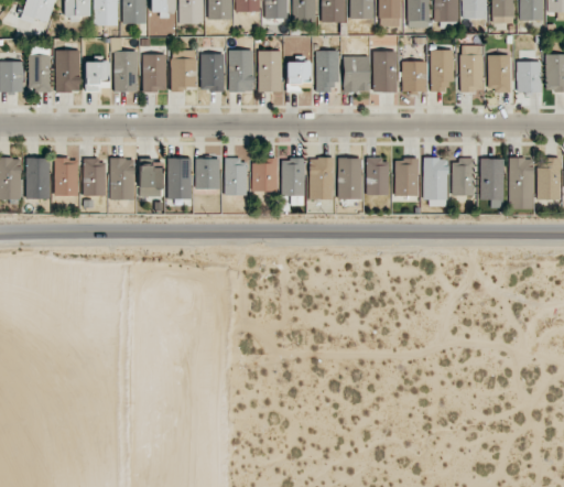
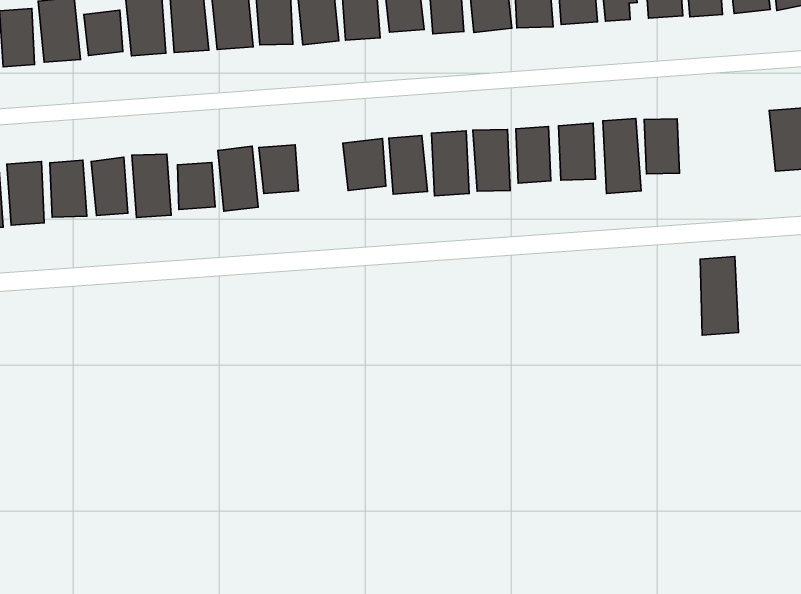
building: [508,158,533,208] -> [700,257,739,335]
building: [225,159,247,195] -> none
building: [480,159,503,199] -> none

